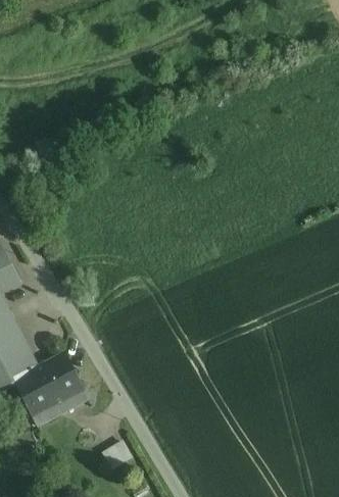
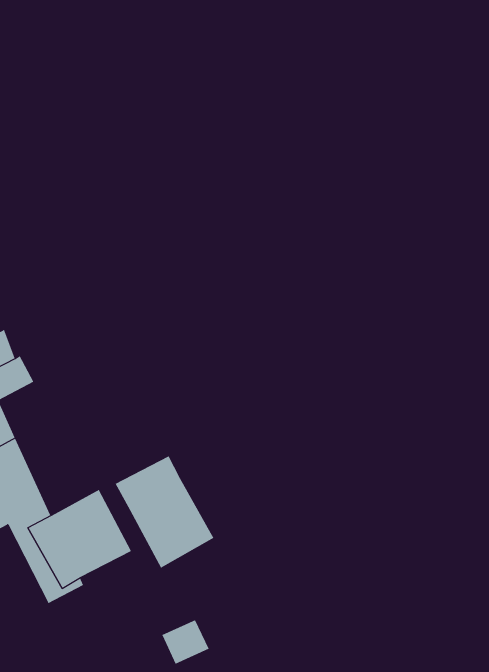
building: none -> [115,455,214,568]

